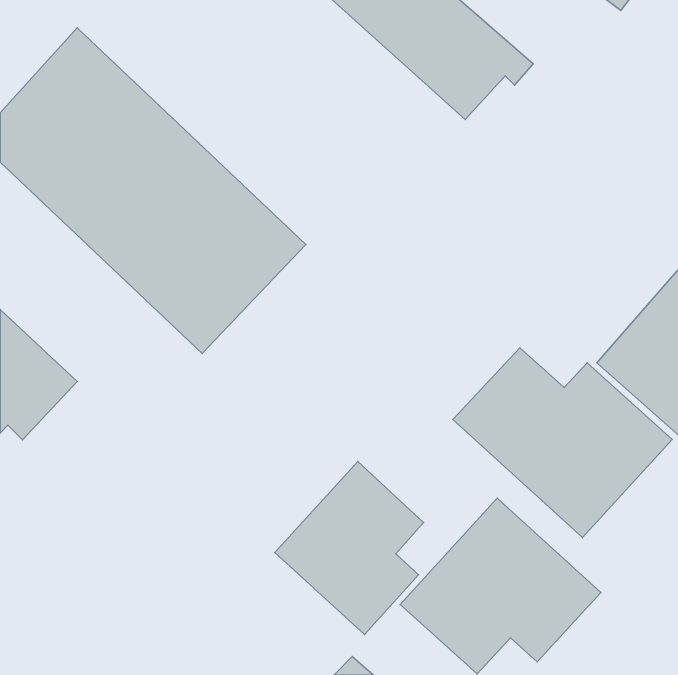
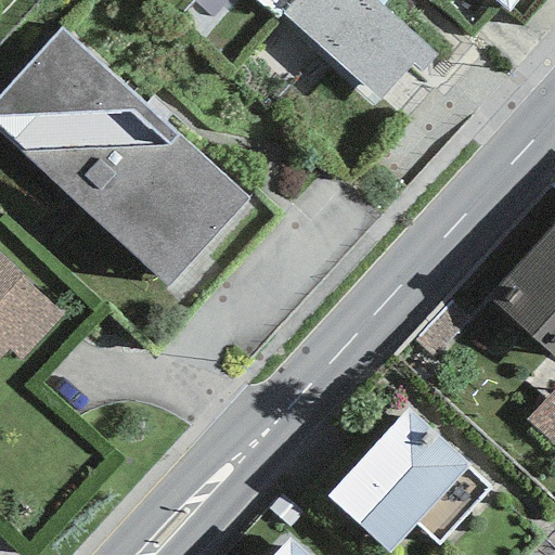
building: [453,348,672,537] -> none
building: [275,462,424,634] -> none

